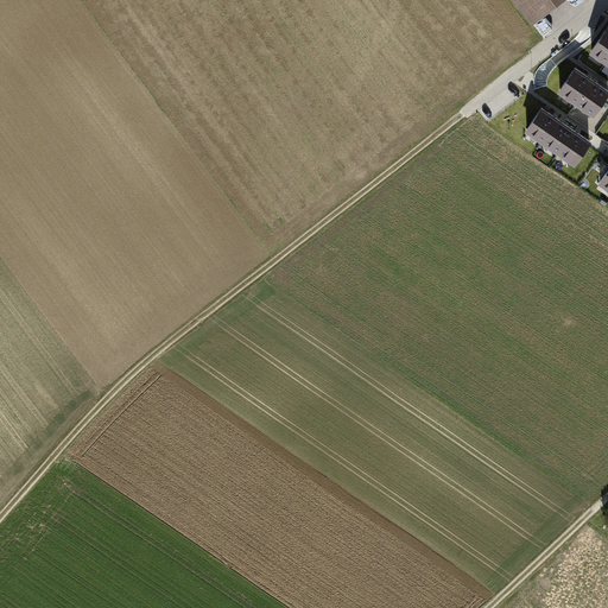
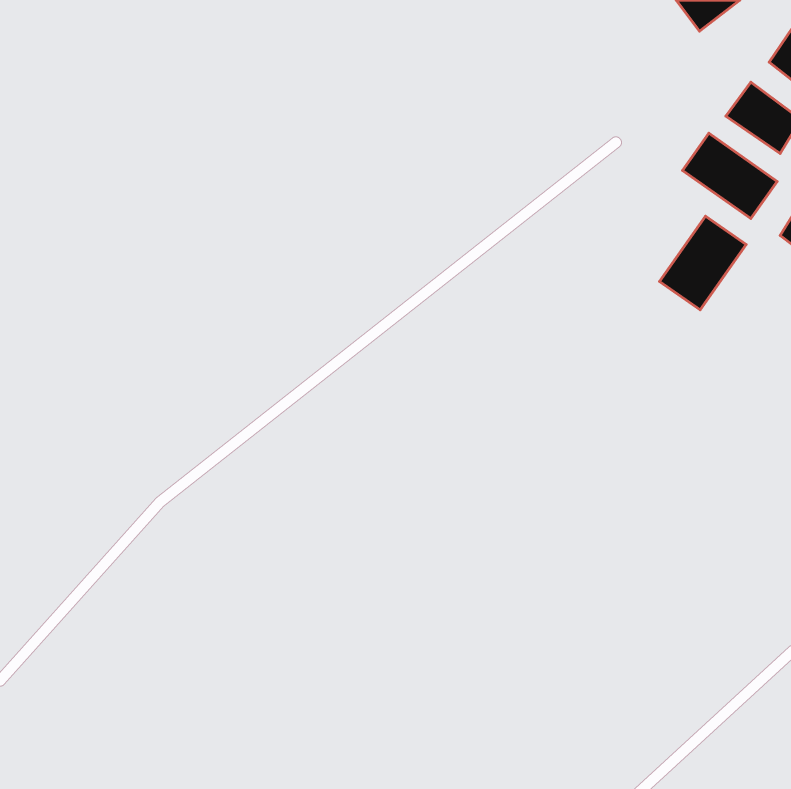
building: none -> [659,216,746,310]

